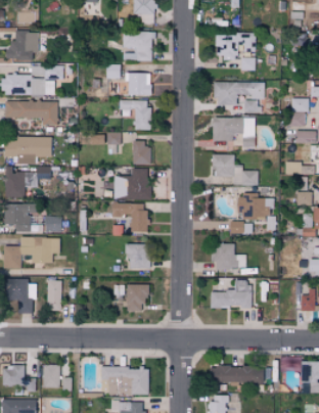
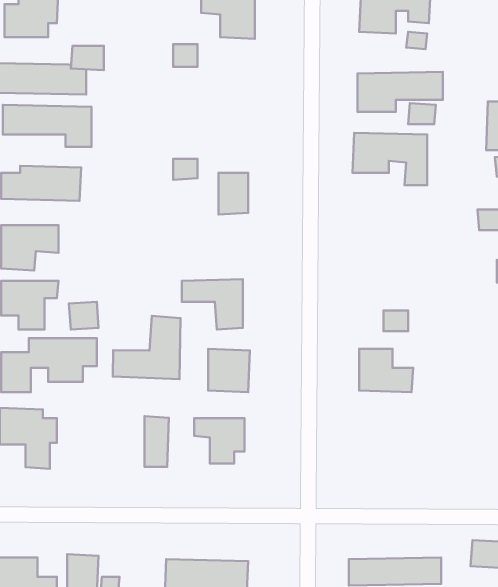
building: [126,74,151,96] -> none
building: [119,100,150,131] -> none
building: [212,155,259,186] -> none
building: [113,169,149,200] -> none
building: [238,195,271,220] -> none
building: none -> [113,316,181,379]
building: [47,281,61,311] -> [145,416,169,467]
building: [210,281,250,309] -> none

